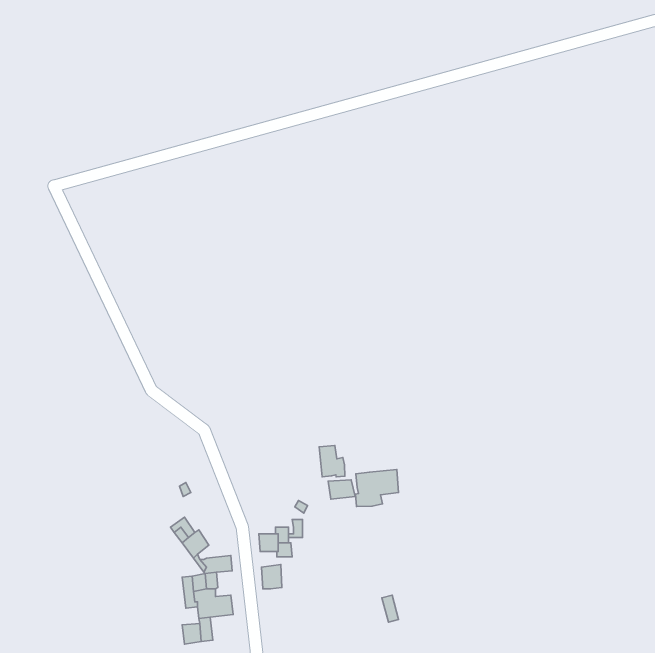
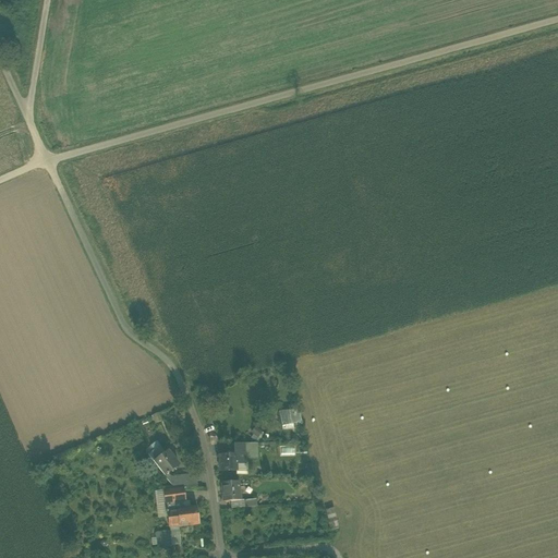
building: [319,446,345,477] -> none
building: [356,469,399,506] -> none

